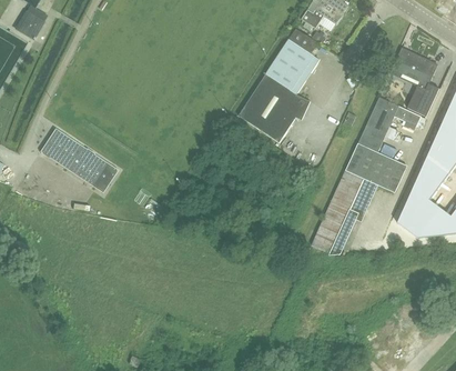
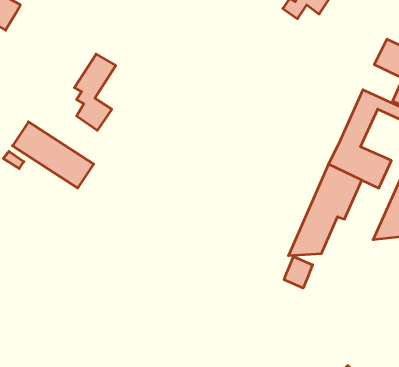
building: [239,27,320,141] -> none
building: none -> [74,54,116,130]
building: none -> [284,257,313,288]

